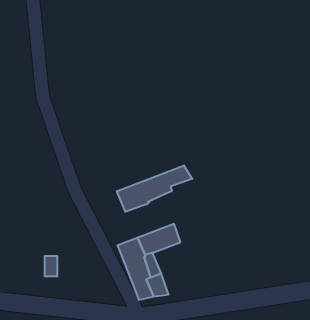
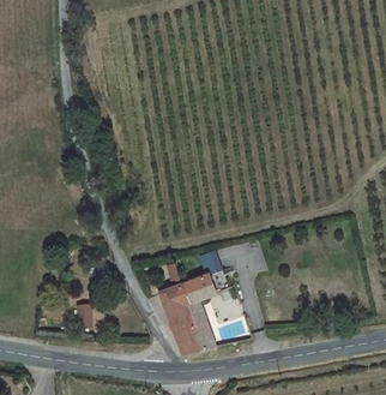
building: [117,165,192,212] -> none

